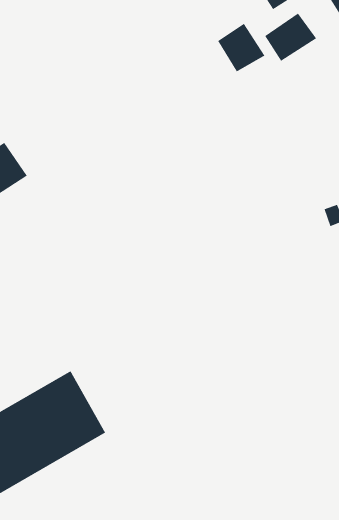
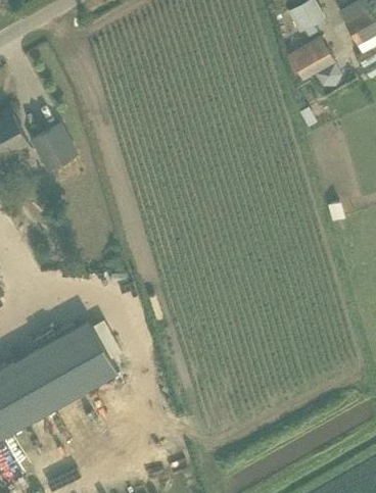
building: [217,23,265,73] -> none

